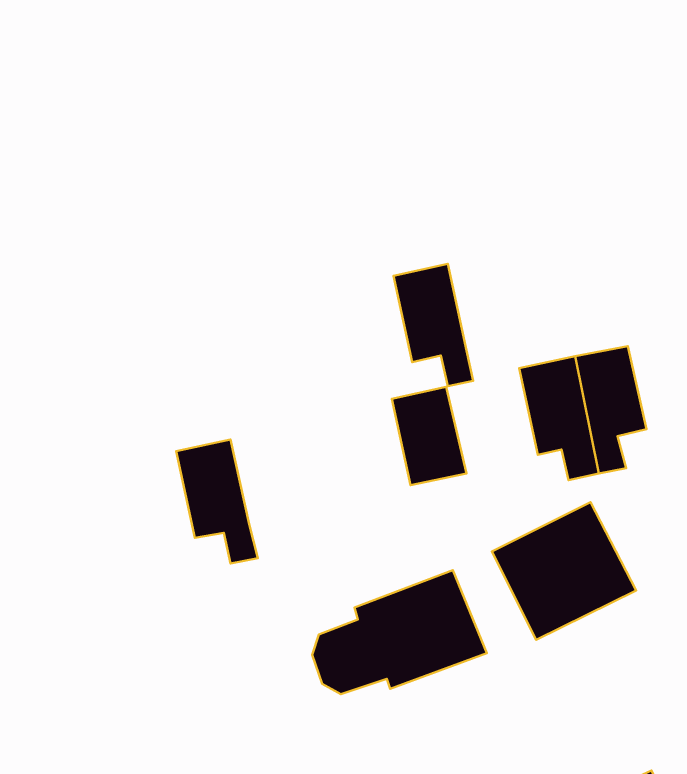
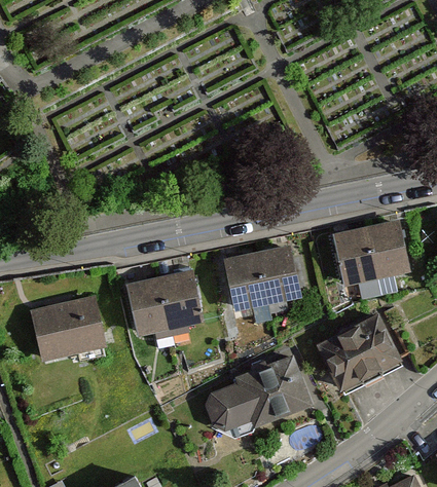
building: [393,264,473,386] -> [223,251,271,325]
building: none -> [158,264,203,327]
building: none -> [30,297,105,360]

